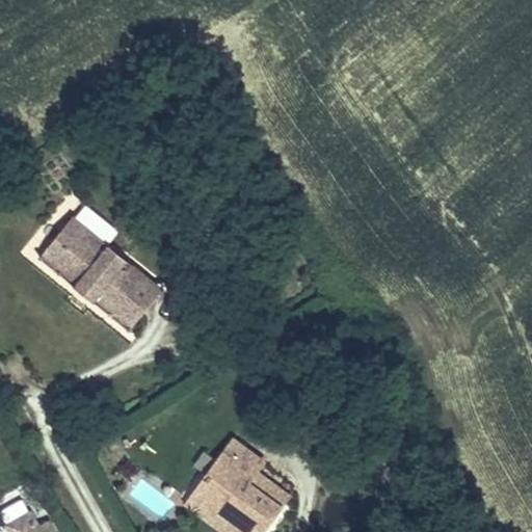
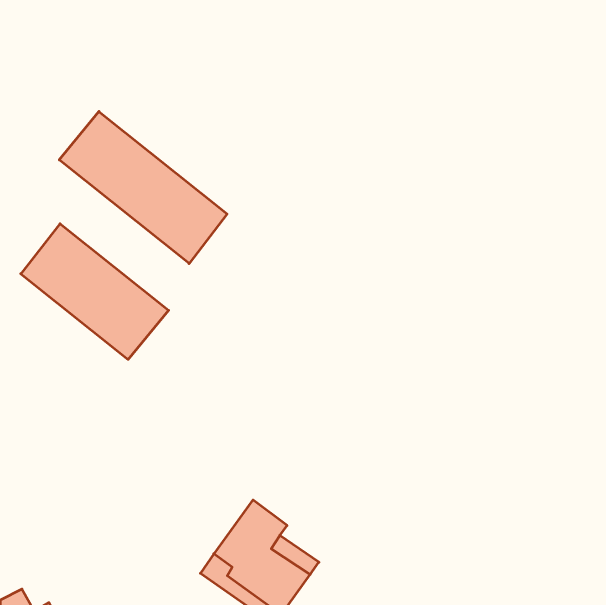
building: none -> [59,111,227,264]

